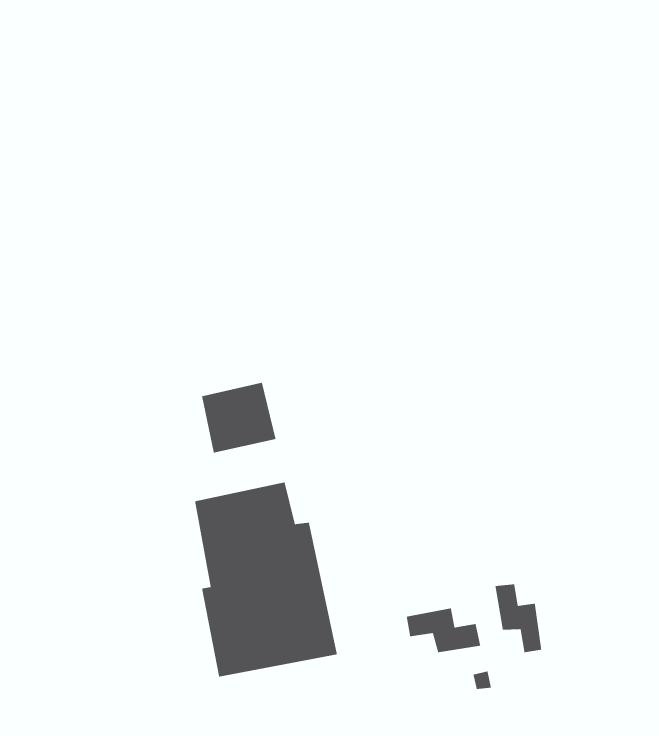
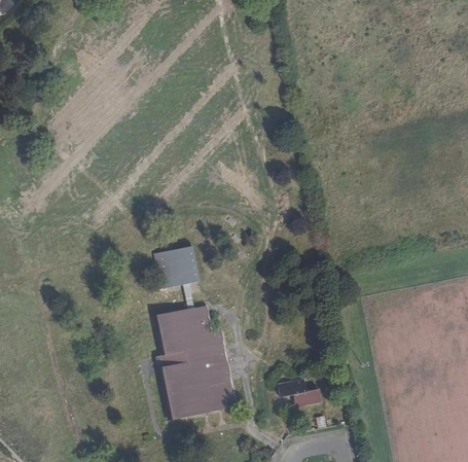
building: [494,584,542,653] -> none

